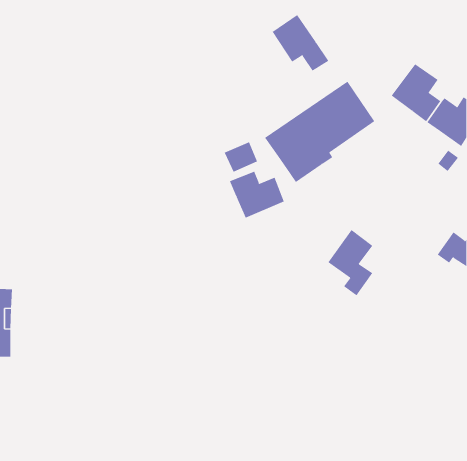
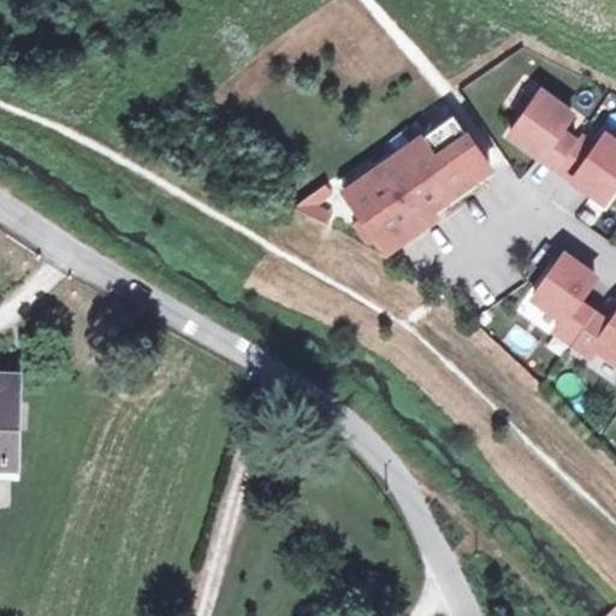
building: [272,14,329,72] -> none
building: [229,171,285,219] -> none
building: [327,229,373,296] -> [534,256,594,344]

